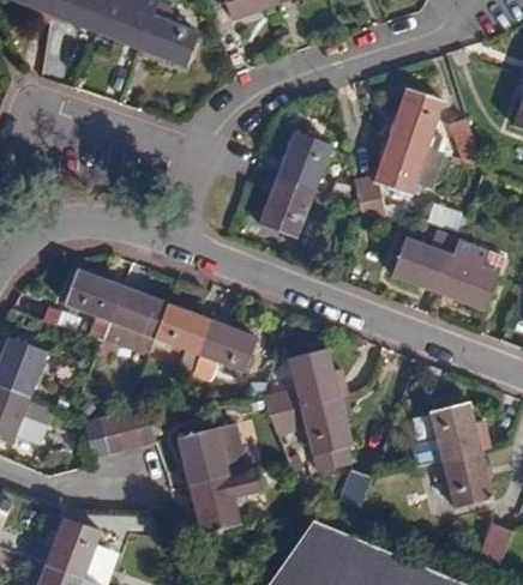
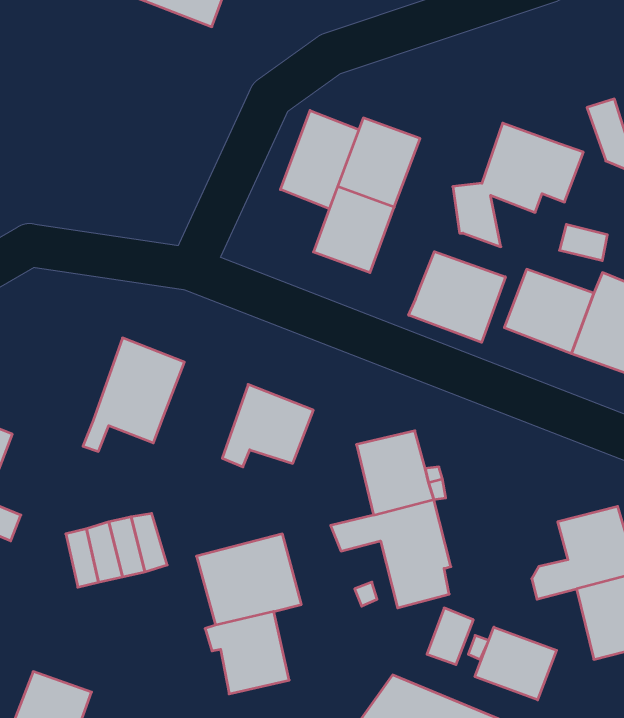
building: [390,88,445,149] -> none
building: none -> [280,110,359,209]
building: none -> [409,252,505,342]
building: [65,267,125,342] -> none
building: [154,301,212,380] -> none
building: none -> [475,627,557,700]

